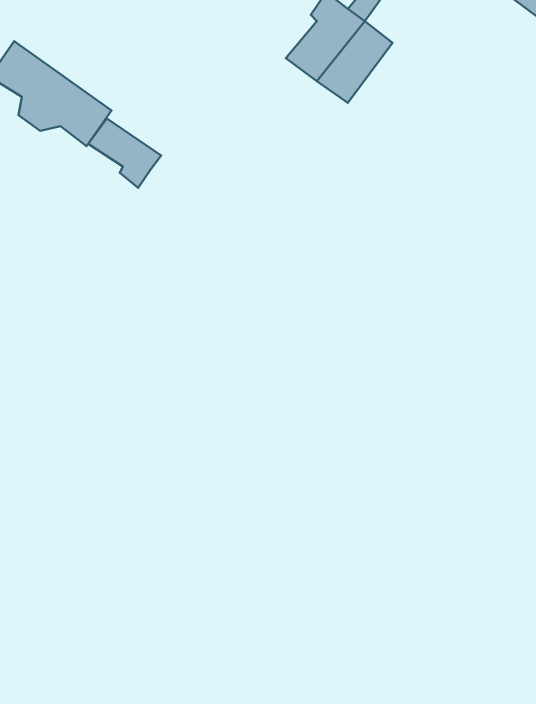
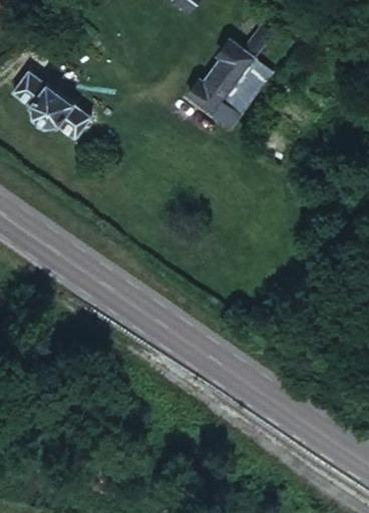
building: none -> [188,79,244,128]
building: [88,118,161,188] -> none

